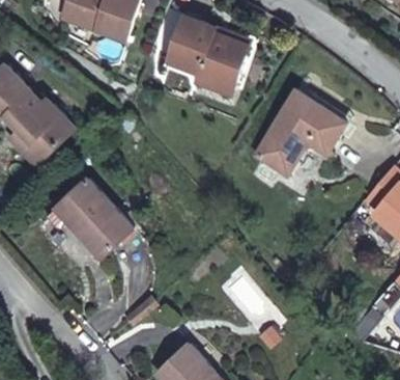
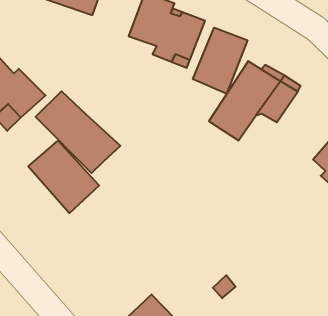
building: none -> [193,28,247,94]
building: none -> [36,91,120,173]

